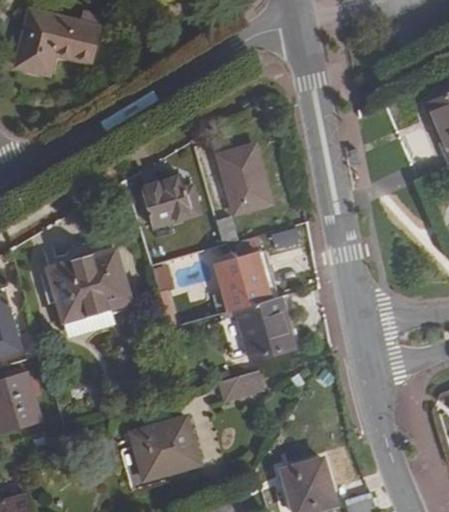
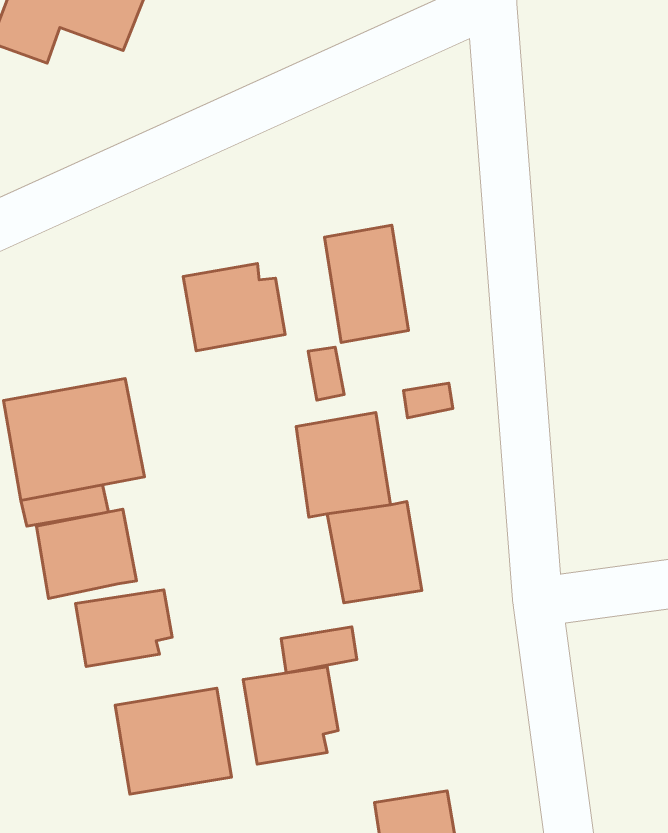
building: none -> [37,509,136,598]
building: none -> [76,590,172,666]
building: none -> [243,667,338,764]

